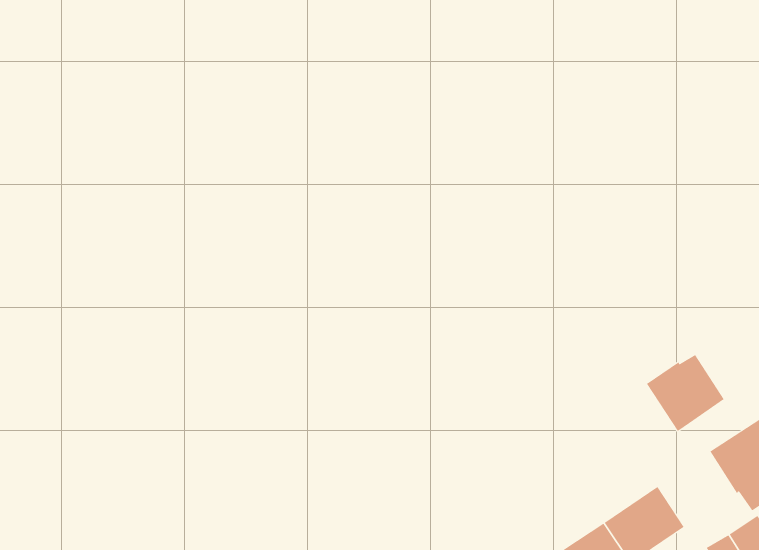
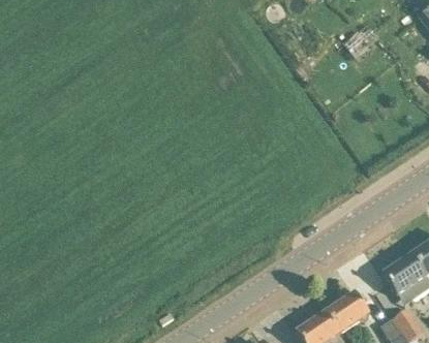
building: [646,354,725,432] -> none

